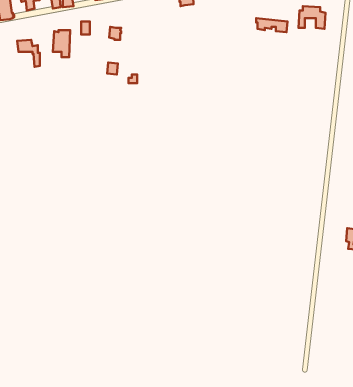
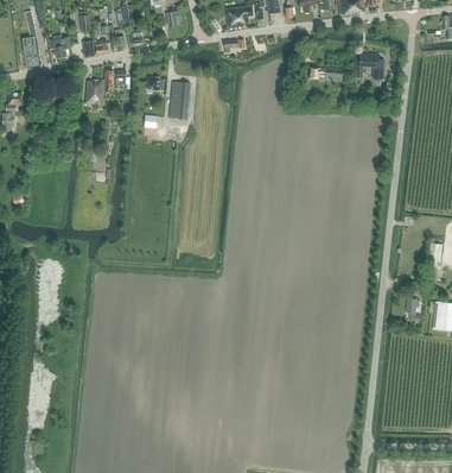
building: none -> [168,81,190,119]

